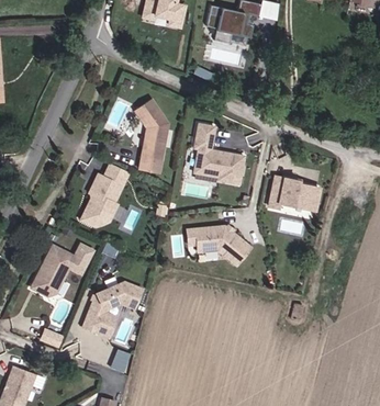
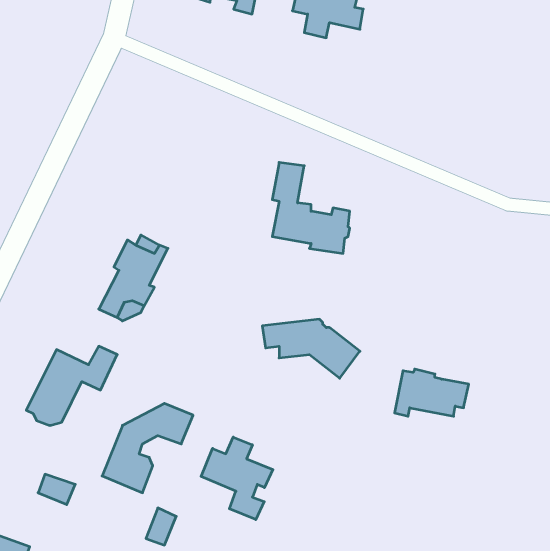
building: [134,98,168,171] -> none
building: [269,177,317,207] -> [395,369,469,416]
building: none -> [201,437,273,520]

